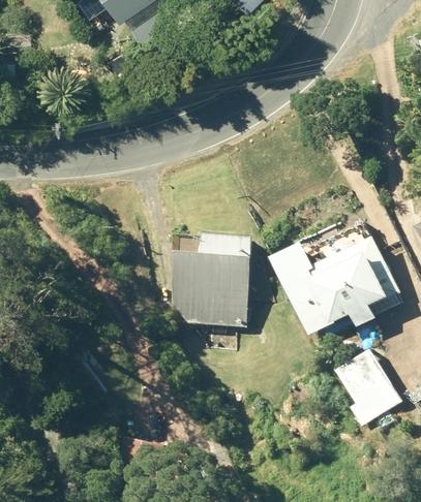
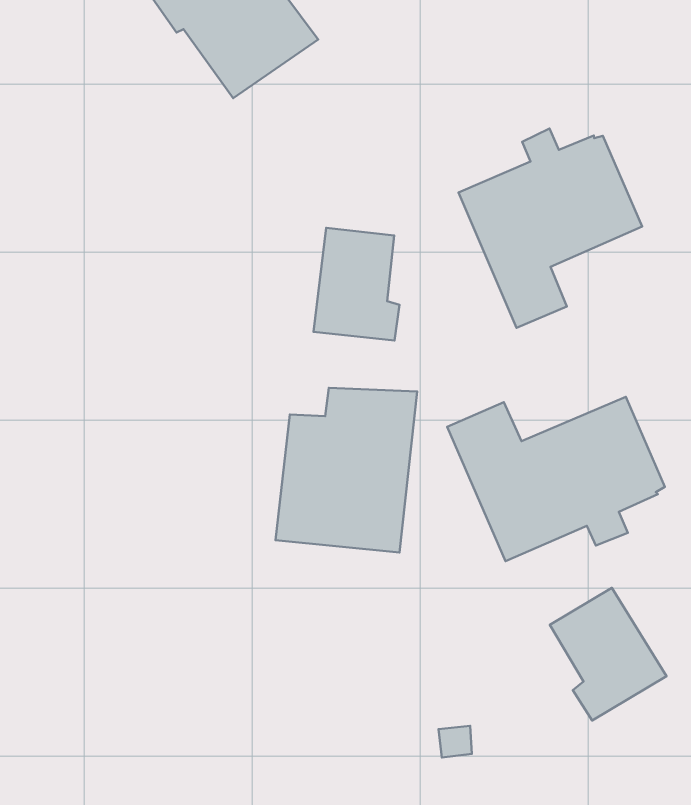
building: none -> [458,129,642,328]
building: none -> [313,228,400,340]

